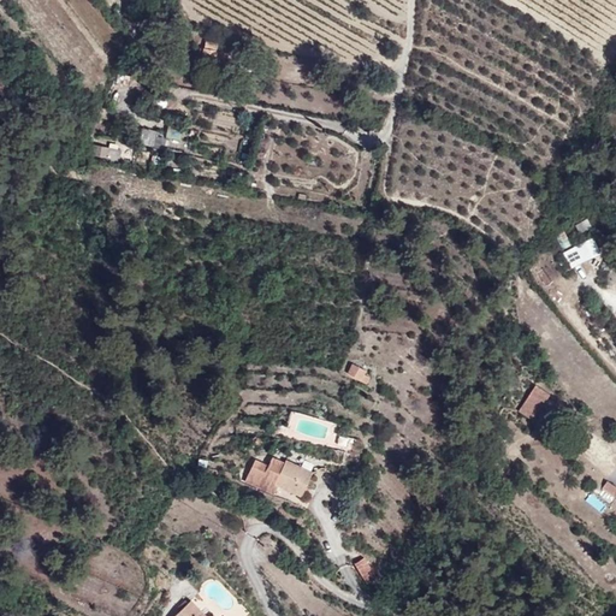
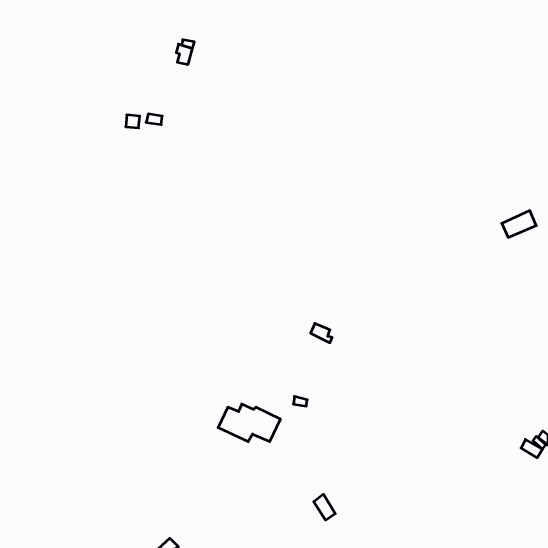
building: [516,387,549,424] -> none

